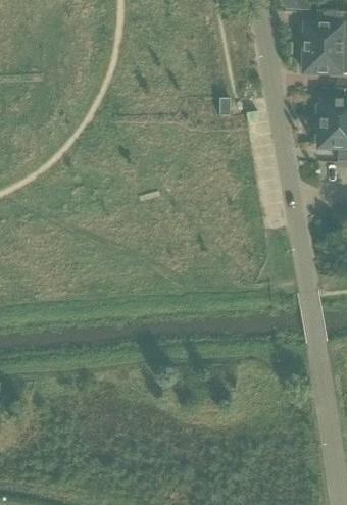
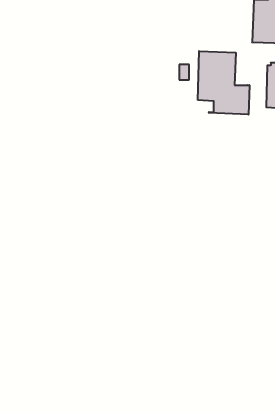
building: none -> [198,51,249,115]

